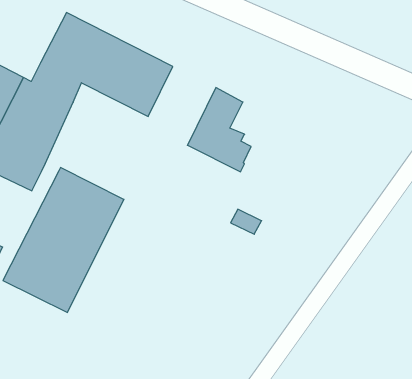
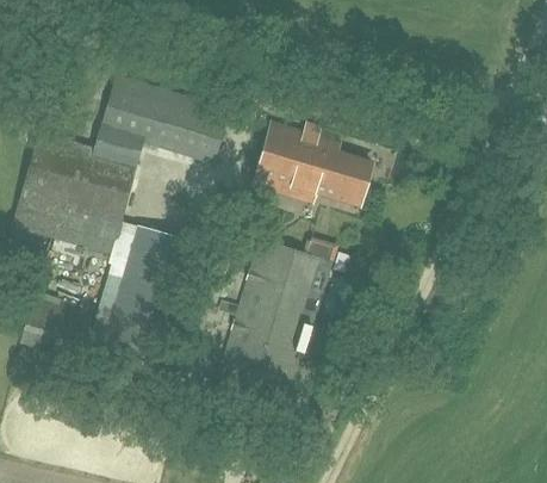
building: none -> [293,123,369,203]
building: none -> [217,239,329,398]

